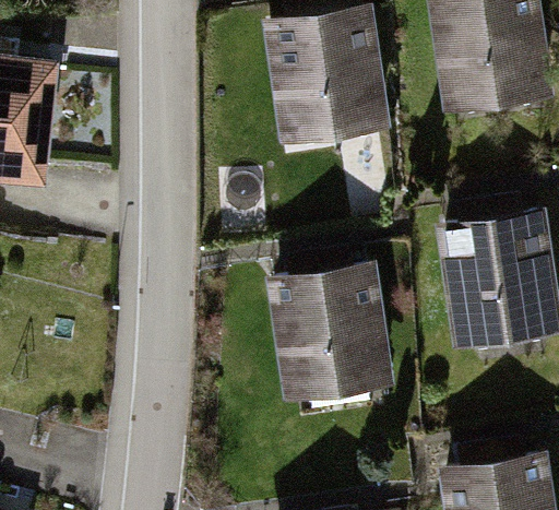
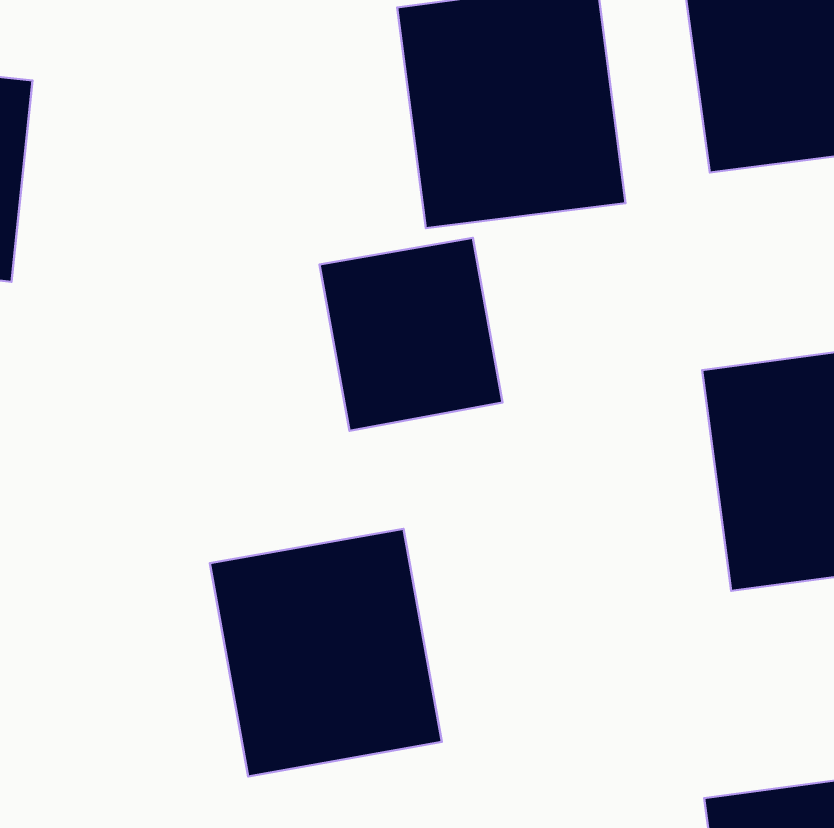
building: none -> [320,238,502,431]
building: [267,261,400,402] -> [210,529,442,776]

